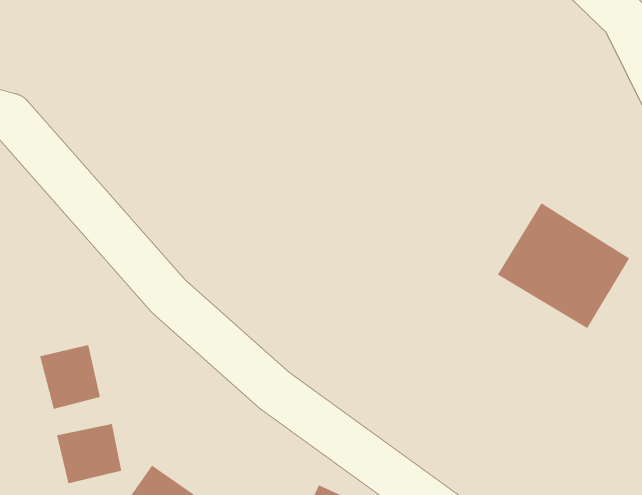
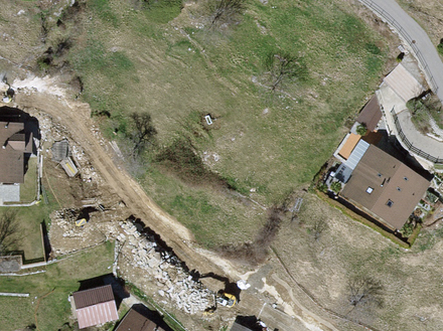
building: [39,344,101,410] -> none

